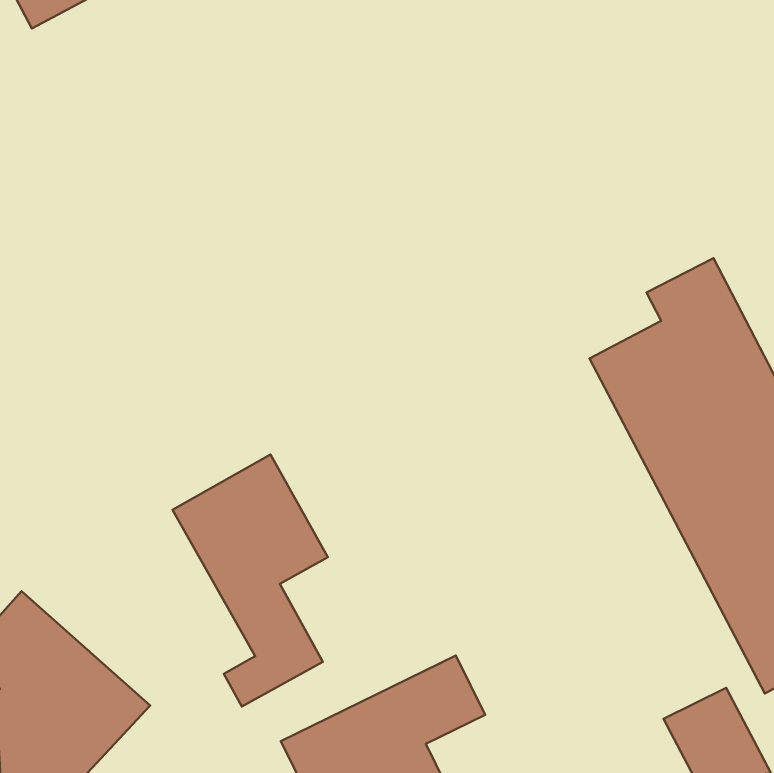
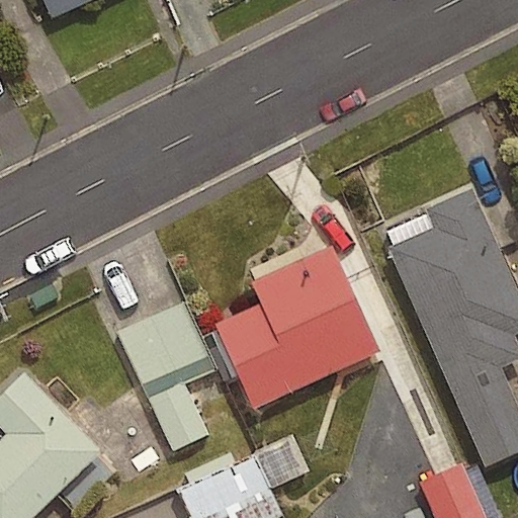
building: none -> [213,247,377,410]

